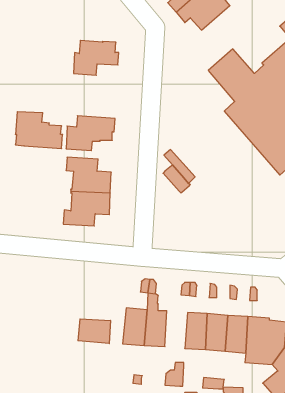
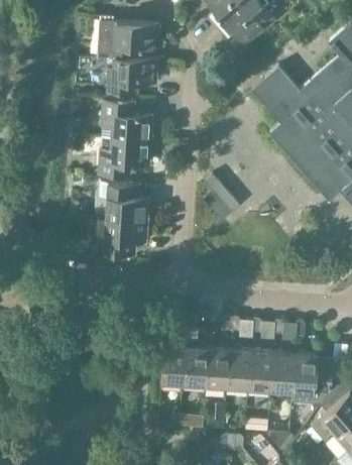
building: none -> [97,21,159,60]
building: [15,112,63,149] -> [103,102,153,141]
building: none -> [206,347,230,387]
building: [78,319,110,344] -> none

